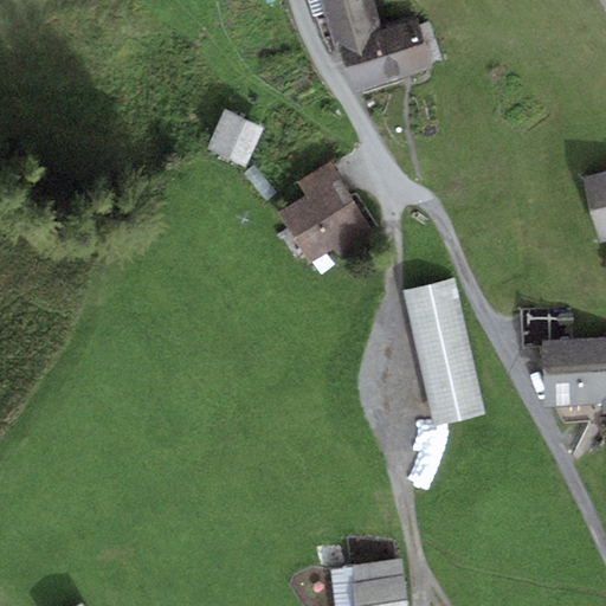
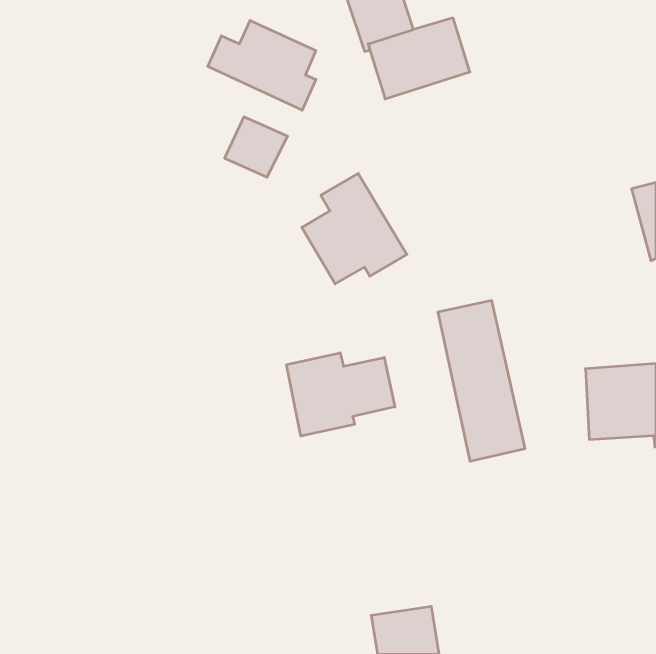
building: none -> [208,20,316,110]
building: none -> [287,353,395,436]

